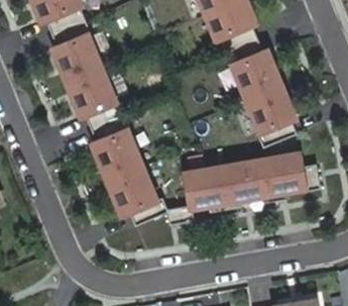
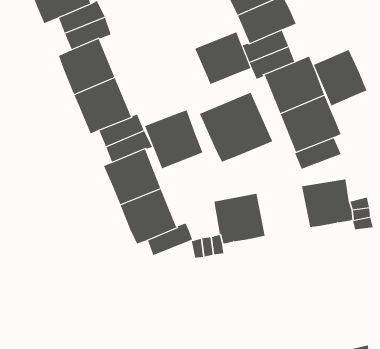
building: none -> [195,31,251,85]
building: none -> [313,49,367,107]
building: none -> [199,92,272,163]
building: none -> [144,109,203,169]
building: [223,163,267,205] -> none

